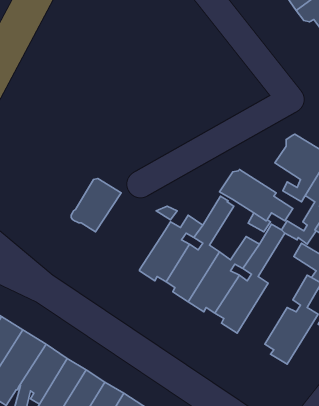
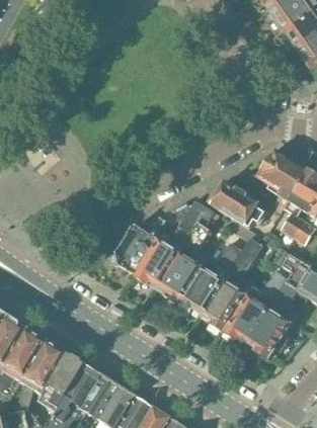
building: [71,178,121,232] -> [111,225,157,273]
building: none -> [173,198,208,233]
building: none -> [223,270,287,341]

